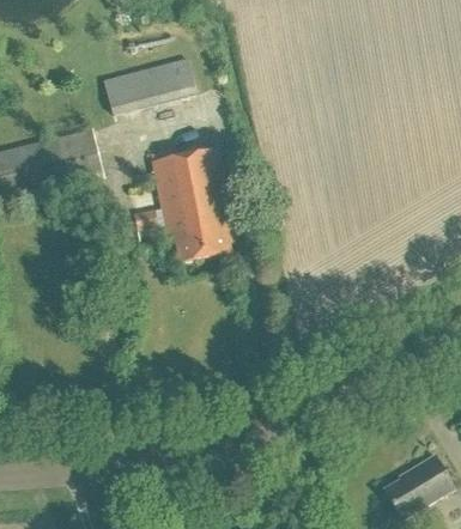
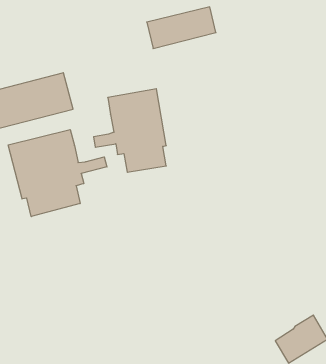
building: [107,57,200,114] -> [147,7,216,49]
building: none -> [8,130,107,217]

